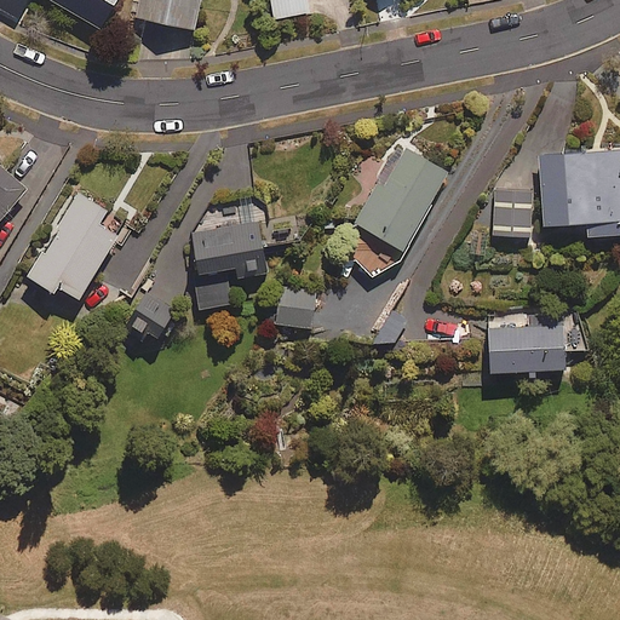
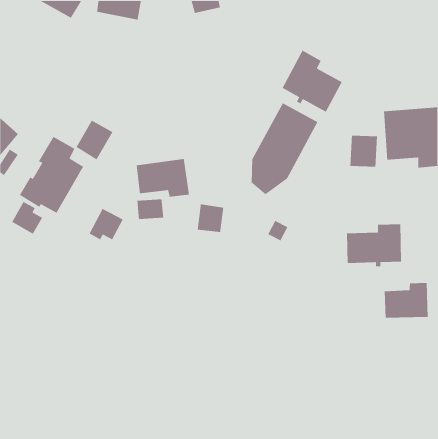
building: none -> [282,50,343,113]
building: none -> [75,120,113,160]
building: none -> [11,201,43,235]
building: none -> [384,282,428,319]

